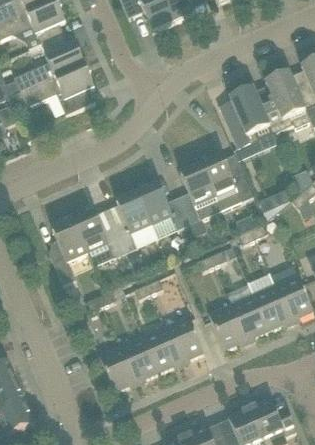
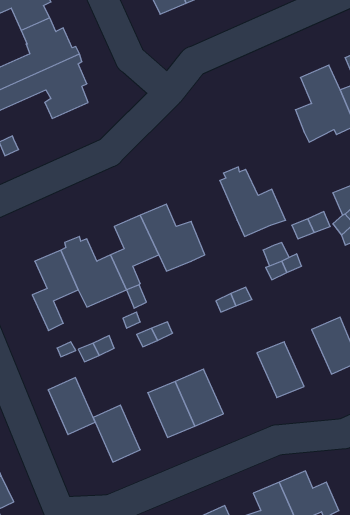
building: [223,87,276,149] -> none
building: [177,164,220,224] -> none
building: [247,271,290,330] -> none
building: [208,303,246,349] -> none
building: [120,335,158,381] -> [48,378,95,435]

